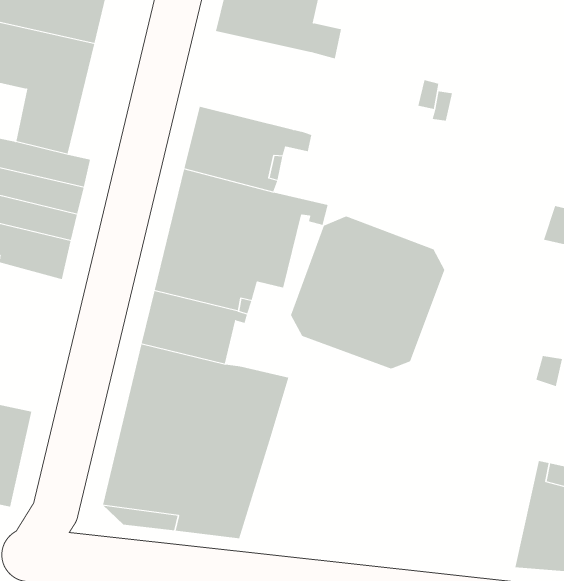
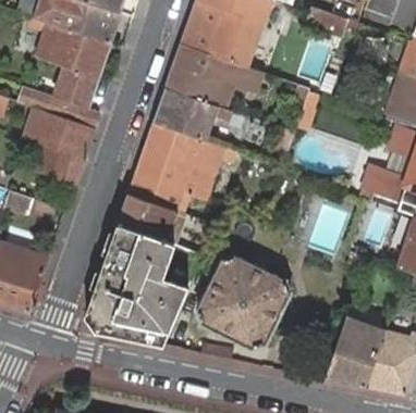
building: none -> [167,42,264,108]
building: [290,216,445,369] -> [196,253,291,347]

